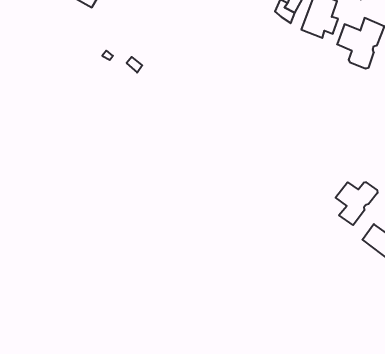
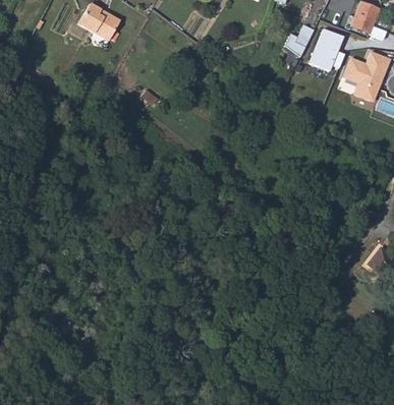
building: [336,182,378,225] -> none

